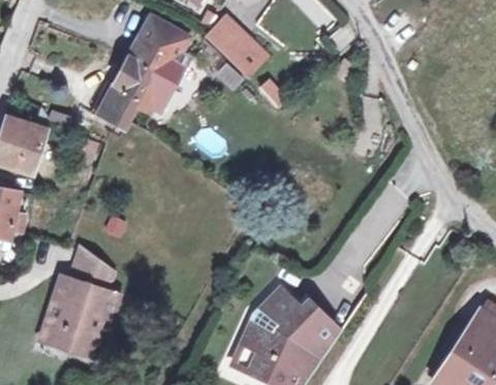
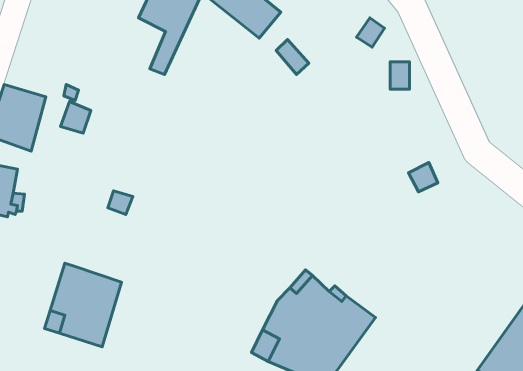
building: [92,55,154,133] -> none
building: [71,249,117,296] -> none

